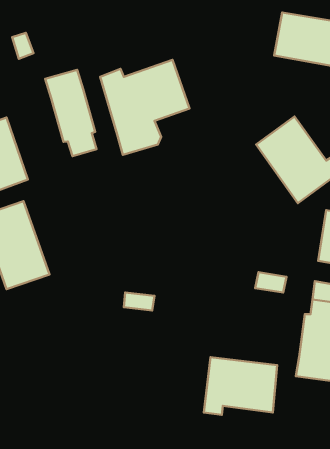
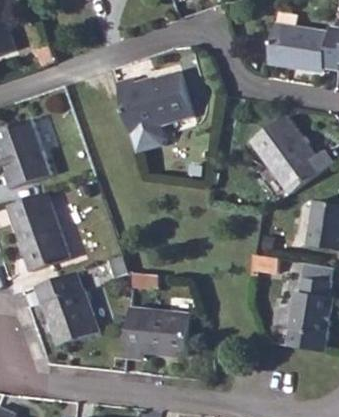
building: [45,70,97,156] -> none
building: none -> [33,271,96,343]
building: [204,357,277,415] -> [124,307,189,358]

